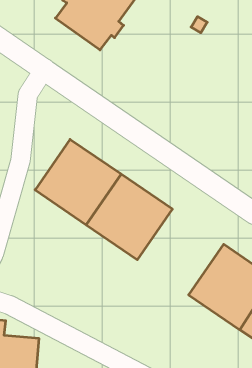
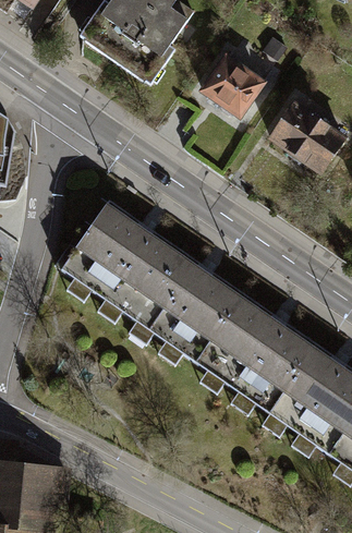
building: none -> [199,54,262,116]
building: none -> [270,104,343,171]
building: none -> [194,294,309,409]

